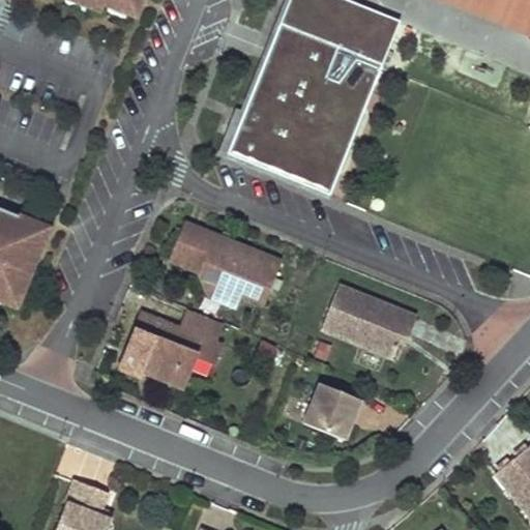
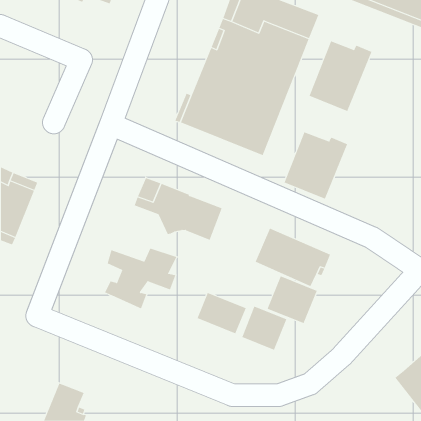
building: none -> [309,41,372,112]
building: none -> [284,131,348,200]
building: none -> [267,276,318,324]
building: none -> [197,292,246,334]

